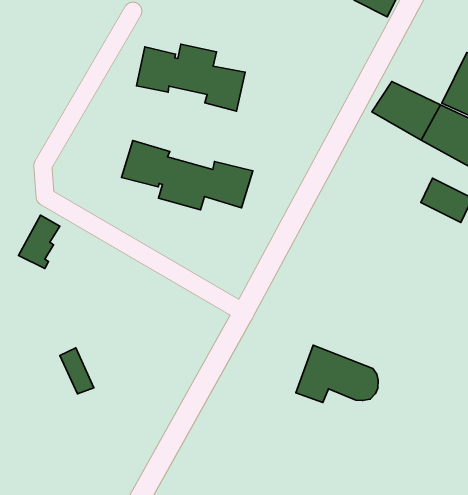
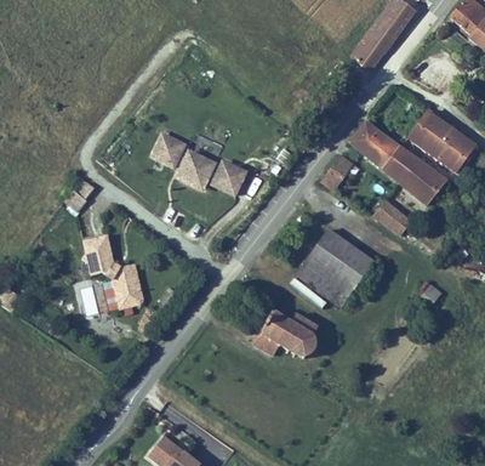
building: [136,44,245,111] -> none
building: none -> [320,152,354,189]
building: none -> [296,229,373,307]
building: none -> [82,235,143,308]

